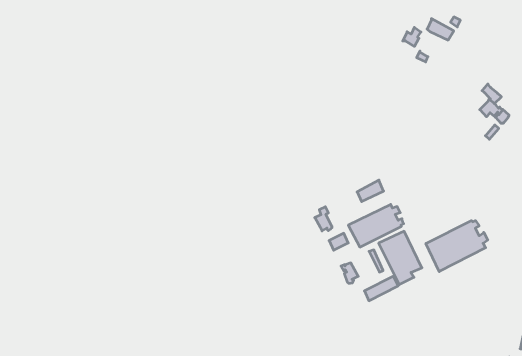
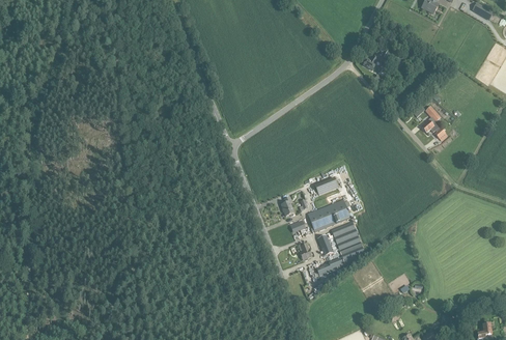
building: [426,221,488,272] -> none

